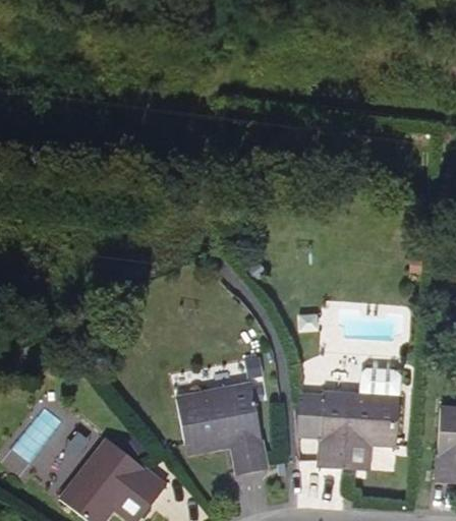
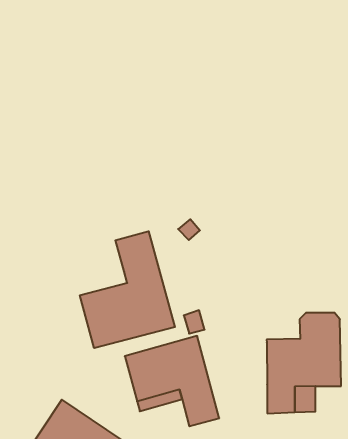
building: none -> [80,231,175,348]
building: [292,393,324,439] -> none

